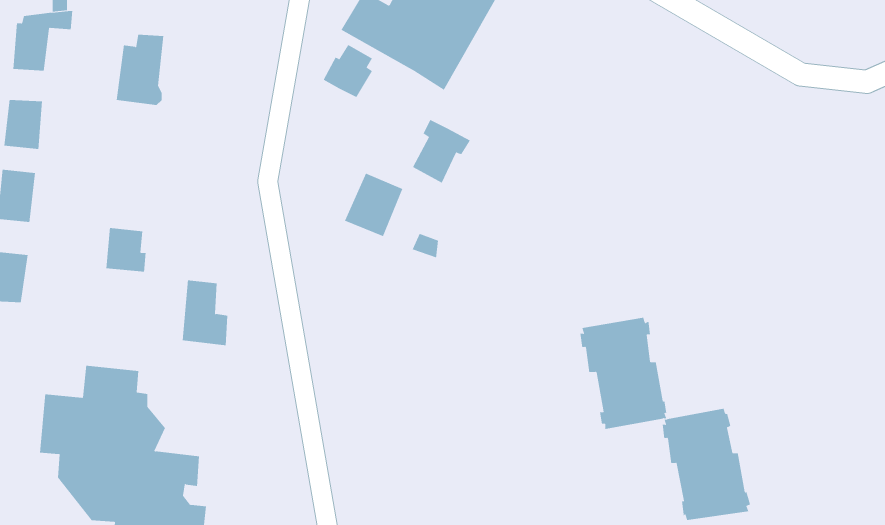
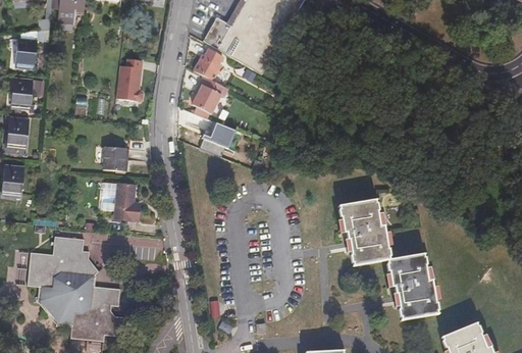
building: [116,34,164,105] -> [115,59,143,100]
building: [412,119,471,183] -> [193,73,226,110]
building: [106,227,147,272] -> [103,146,126,171]

